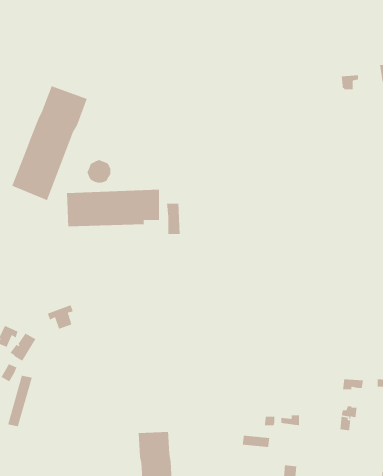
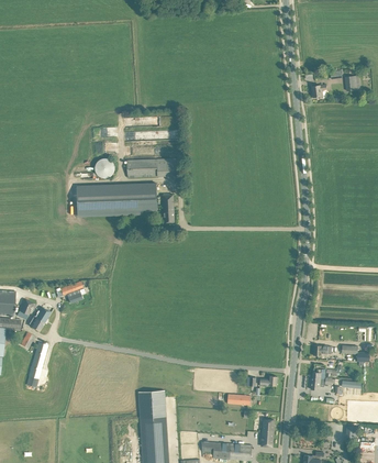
building: [11,85,88,201] -> none
building: none -> [126,159,157,177]

